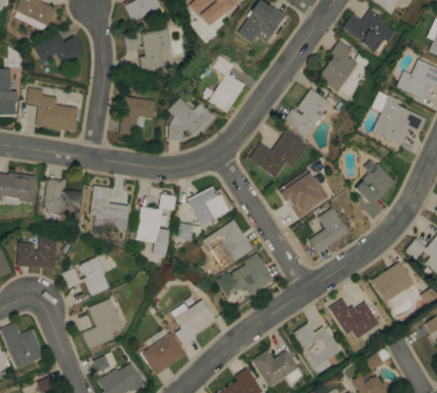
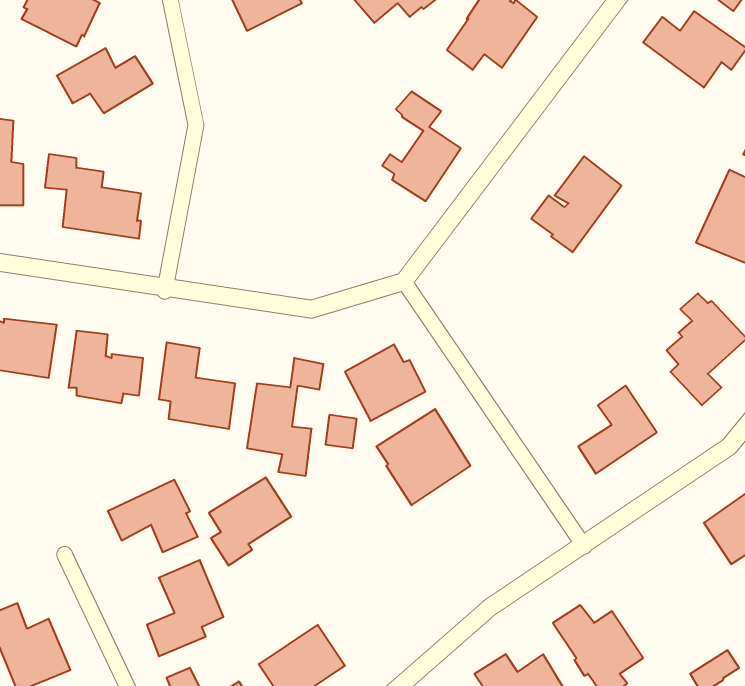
building: [124,29,171,69] -> none
building: [317,41,356,92] -> none
building: [120,96,155,135] -> none
building: [169,97,216,141] -> none
building: [247,130,307,178] -> none
building: [275,172,327,220] -> none
building: [14,238,56,271] -> none
building: [213,252,273,299] -> none
building: [328,298,382,335] -> none
building: [172,301,215,347] -> [209,477,291,566]

